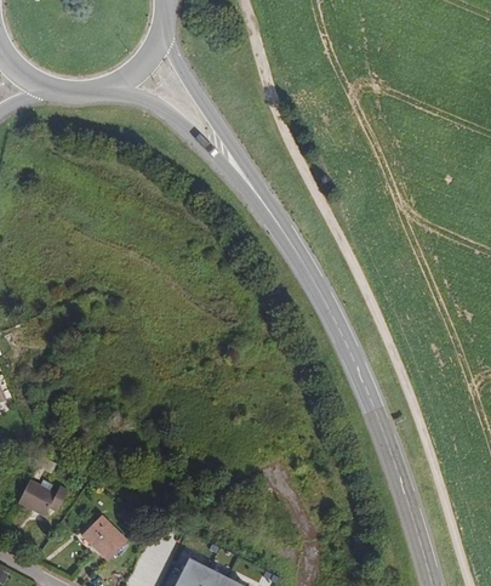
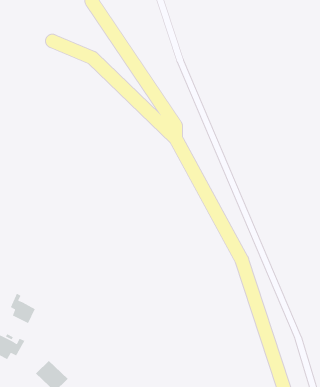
building: none -> [10,293,36,324]

